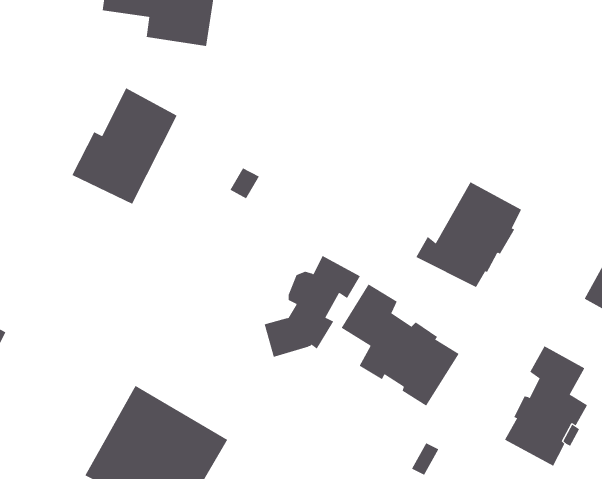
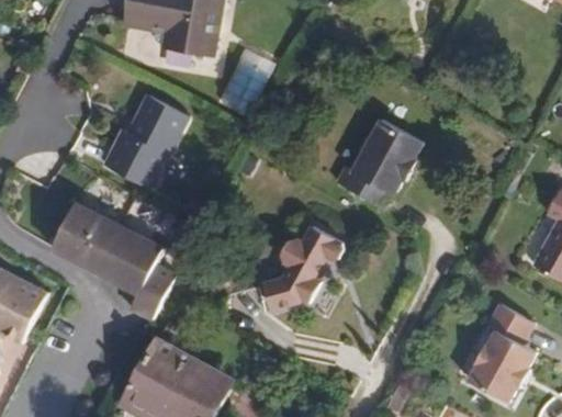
building: [416,182,522,288] -> [334,123,422,211]
building: none -> [54,202,179,316]
building: [341,283,459,406] -> none

